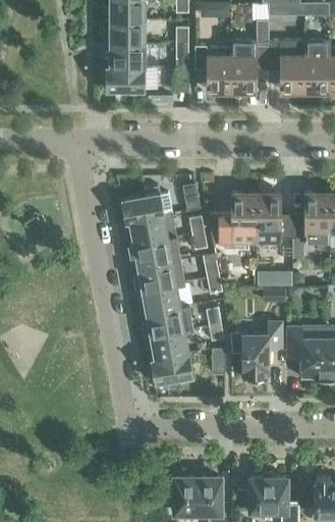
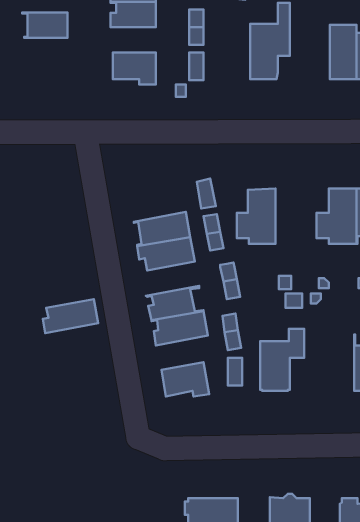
building: [196,40,232,91] -> none
building: [269,41,305,91] -> none
building: [104,43,146,66] -> [22,13,67,38]
building: [121,186,173,222] -> none
building: [256,192,293,243] -> none
building: [134,259,185,291] -> [43,299,98,333]
building: [287,326,328,378] -> none
building: [146,327,194,359] -> none

